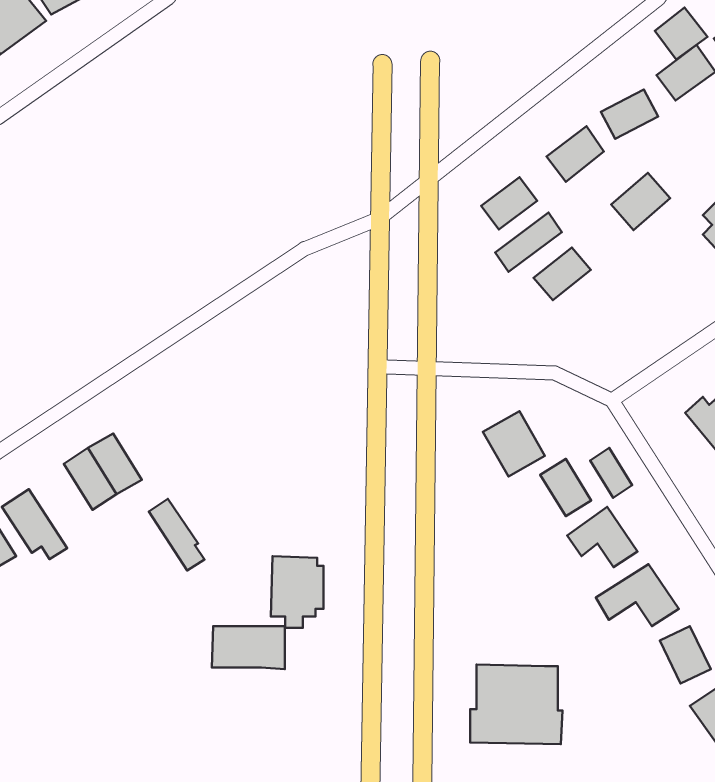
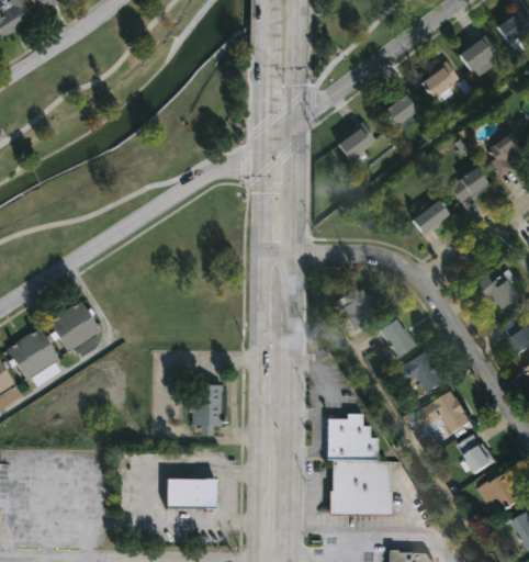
building: [655,7,707,60] -> none
building: [611,173,670,230] -> [448,166,488,205]
building: [495,212,562,272] -> none
building: [534,248,591,300] -> [409,200,449,236]
building: [590,448,632,498] -> none
building: [149,499,205,571] -> [24,330,63,380]
building: none -> [328,415,380,461]
building: [212,626,285,669] -> [162,481,213,510]

